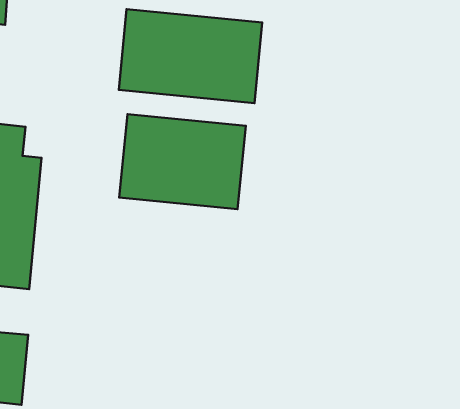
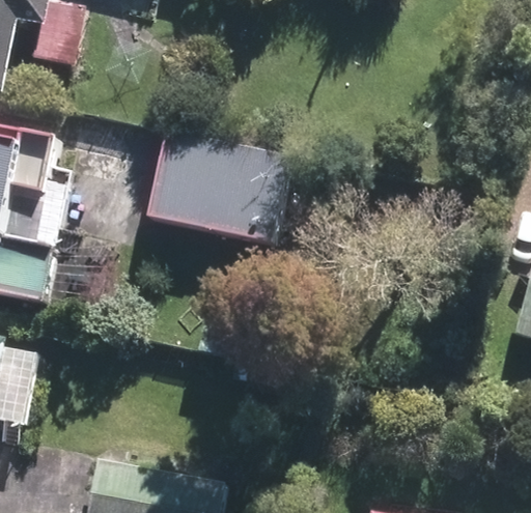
building: [119,9,262,103] -> none

